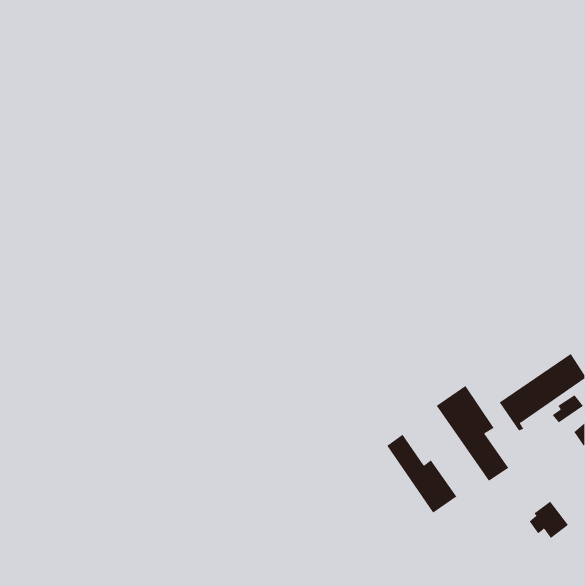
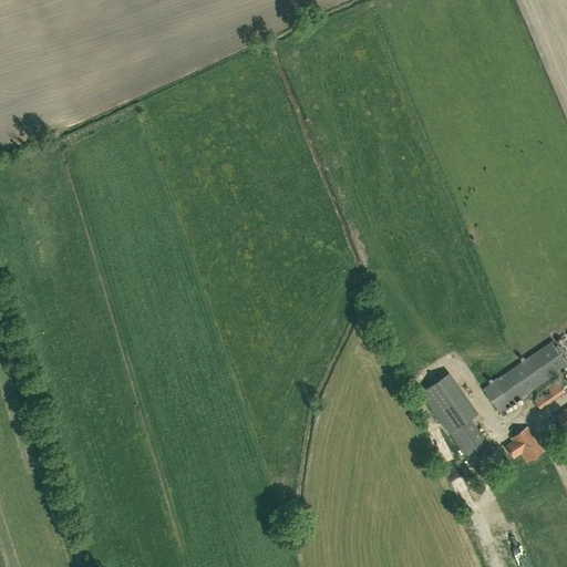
building: [386,434,457,513] -> none
building: [529,501,569,539] -> [505,426,544,463]

